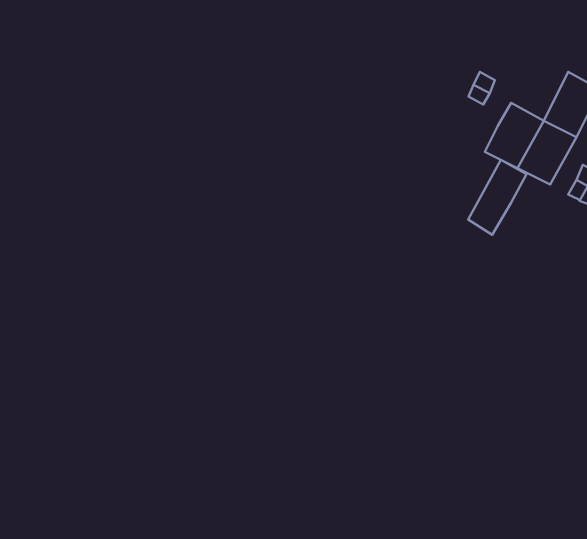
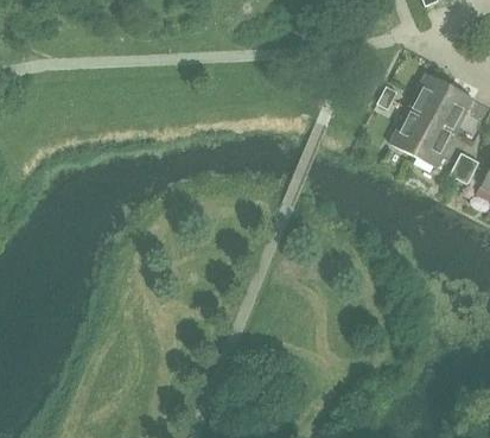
building: none -> [407,74,448,121]
building: [468,160,527,235] -> none

